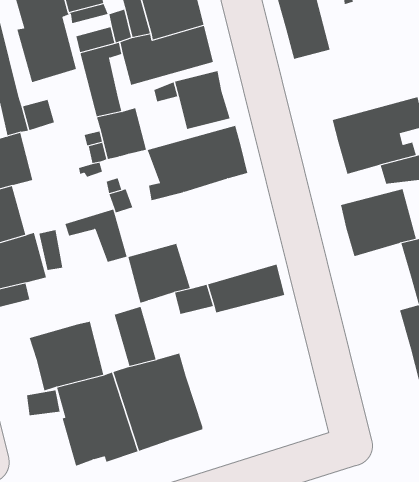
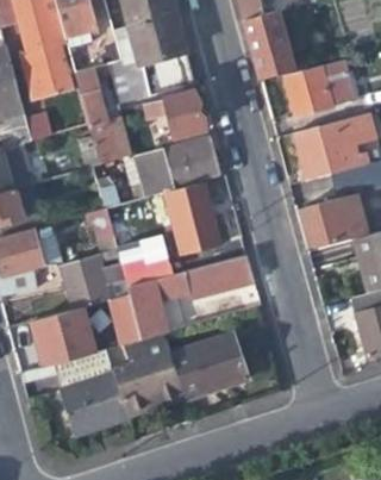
building: none -> [286,61,354,116]
building: none -> [165,182,220,256]
building: none -> [60,250,129,308]
building: none -> [135,281,168,335]
building: none -> [168,333,245,398]

